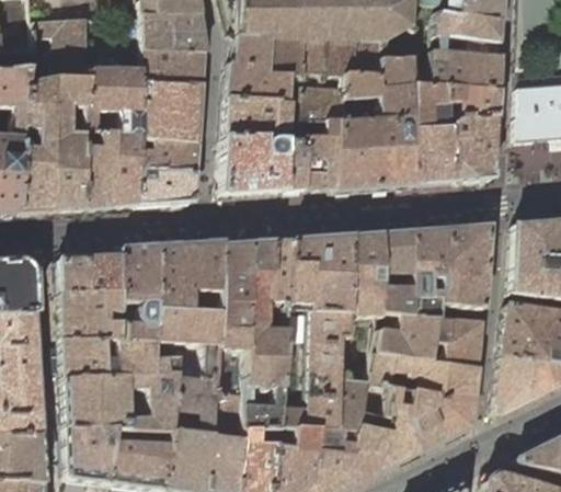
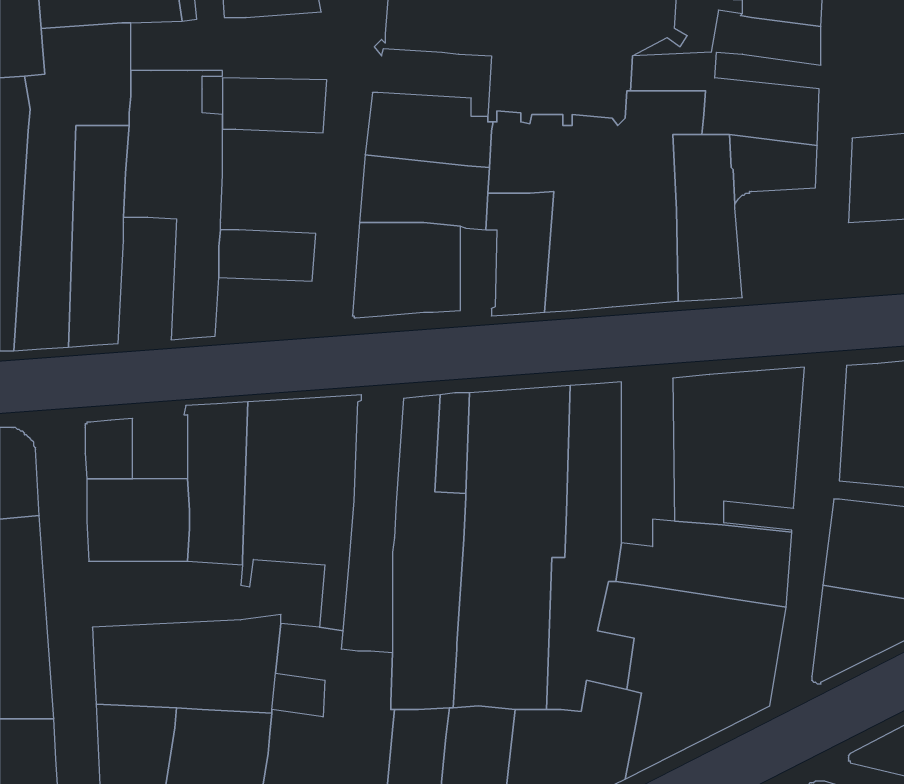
building: [134,11,209,52] -> none
building: [237,33,305,73] -> none
building: [142,81,204,144] -> none
building: [450,116,499,182] -> none
building: [81,134,116,209] -> none
building: [286,139,308,190] -> none
building: [139,170,197,205] -> none
building: [382,230,414,316] -> none
building: [215,242,252,394] -> none
building: [90,252,123,290] -> none
building: [64,340,181,379] -> none

